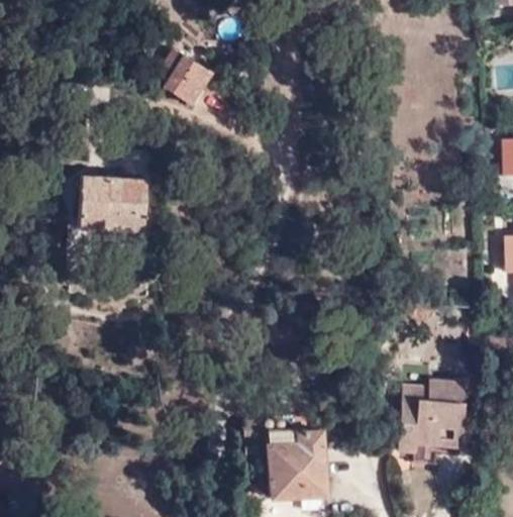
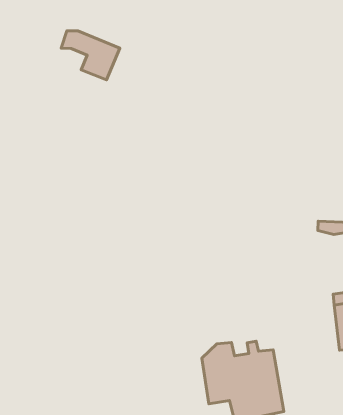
building: [81,182,148,235] -> none

